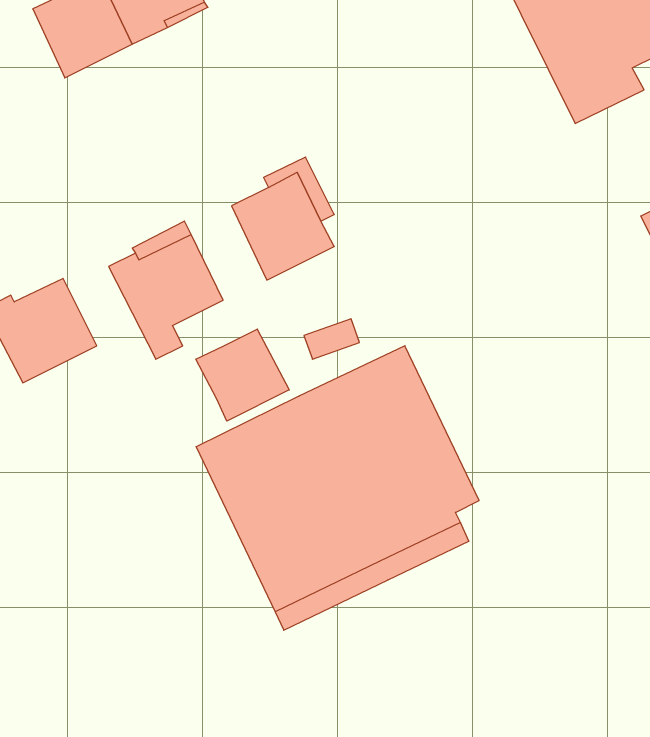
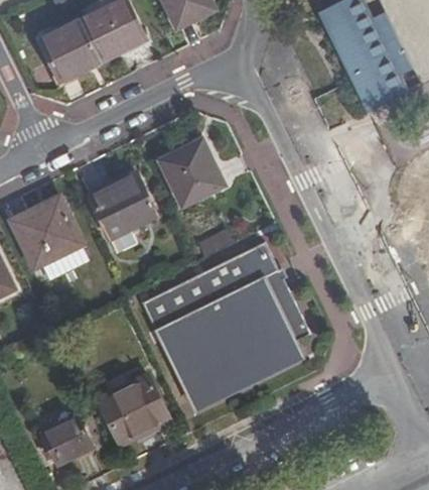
building: [196,329,289,421] -> none
building: none -> [100,376,170,444]
building: none -> [46,416,95,462]

